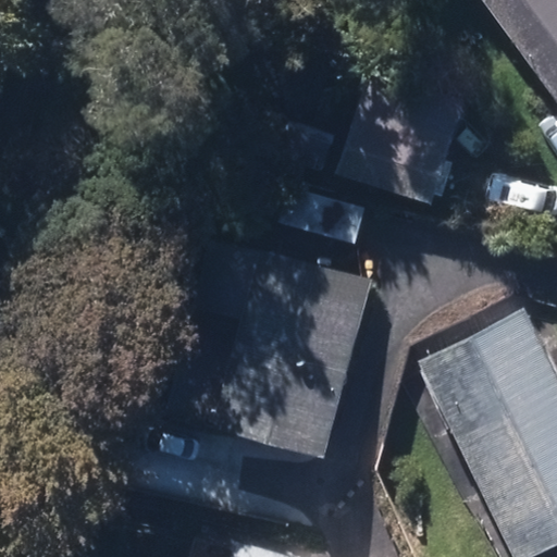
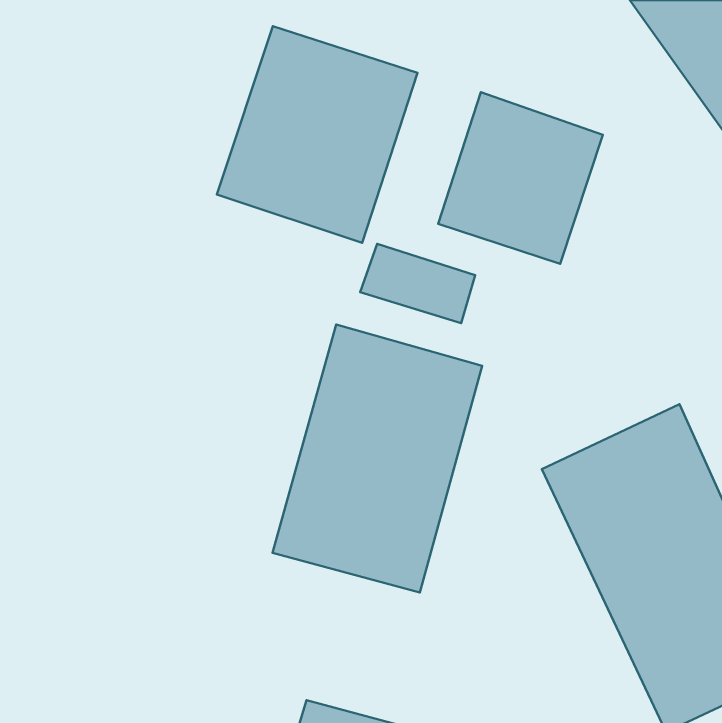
building: none -> [217,26,417,243]

